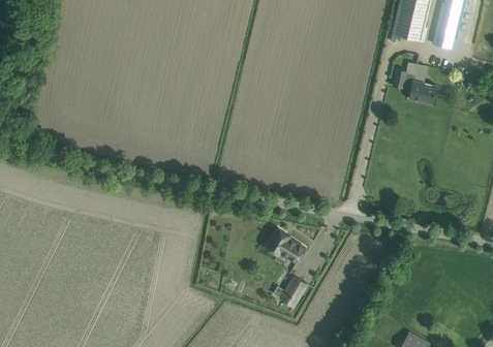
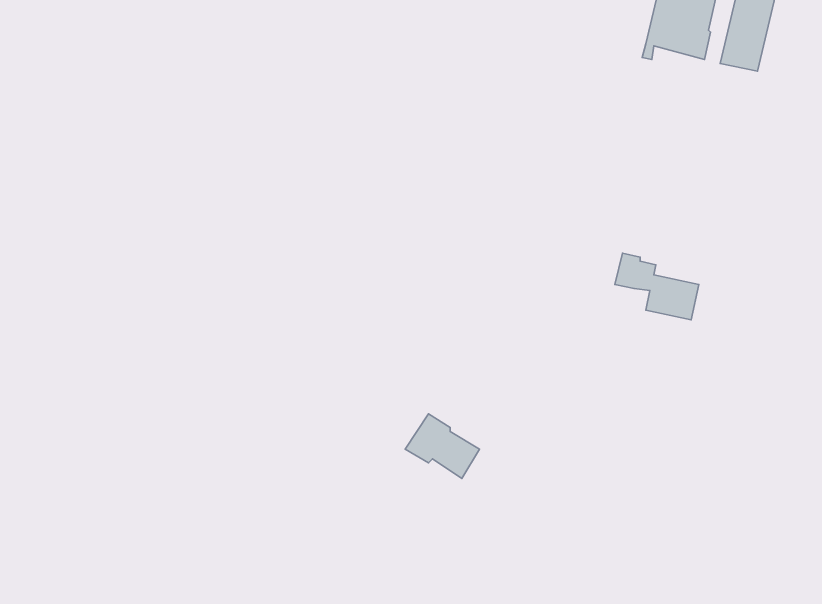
building: [392,68,436,103] -> [615,253,699,320]
building: [279,275,307,307] -> none

